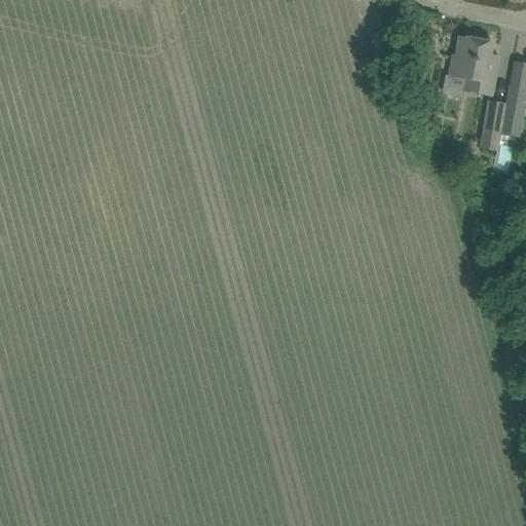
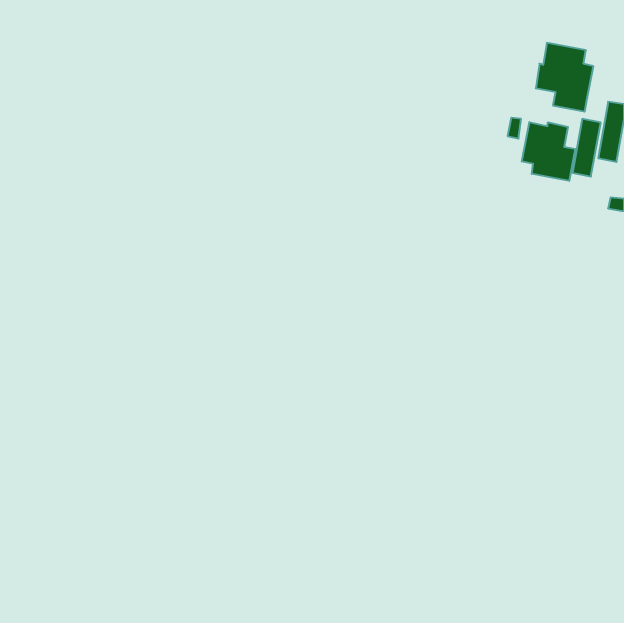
building: none -> [522,122,575,181]

